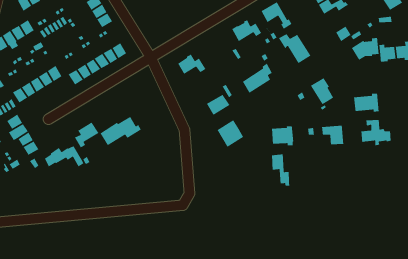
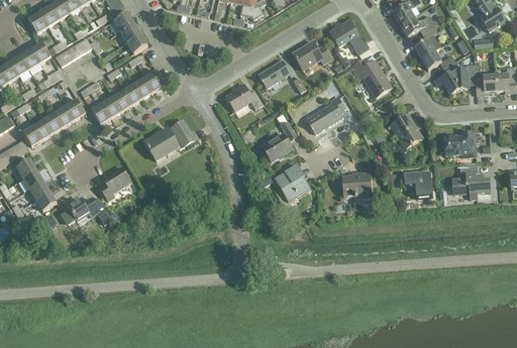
building: none -> [414,26,439,57]
building: none -> [258,60,290,87]
building: [99,116,142,146] -> [144,120,197,157]
building: [271,153,290,187] -> none

